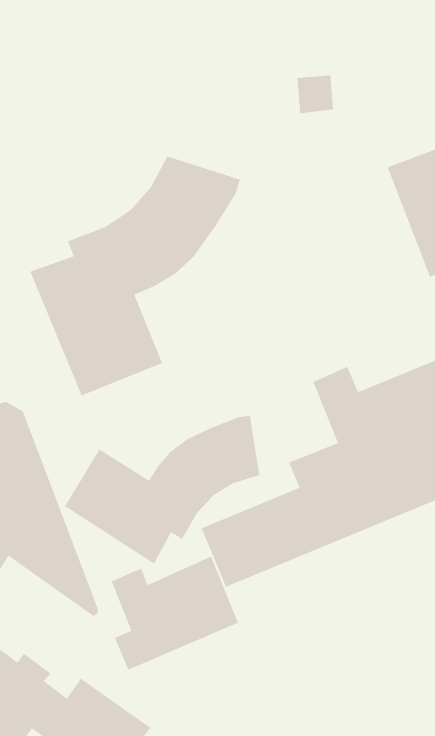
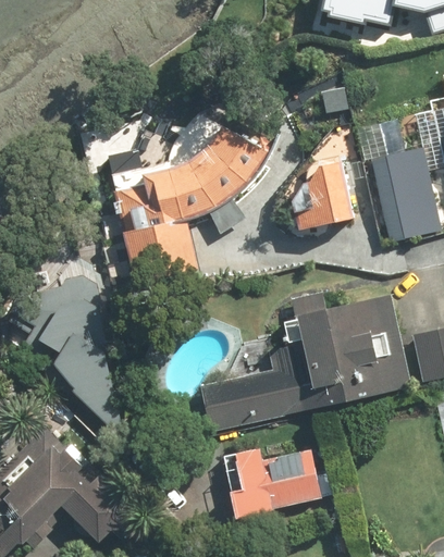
building: none -> [294,161,353,227]
building: [64,415,260,565] -> none
building: [111,556,239,671] -> [233,448,320,517]

